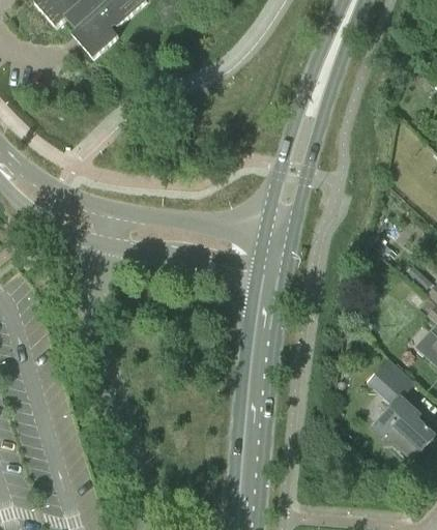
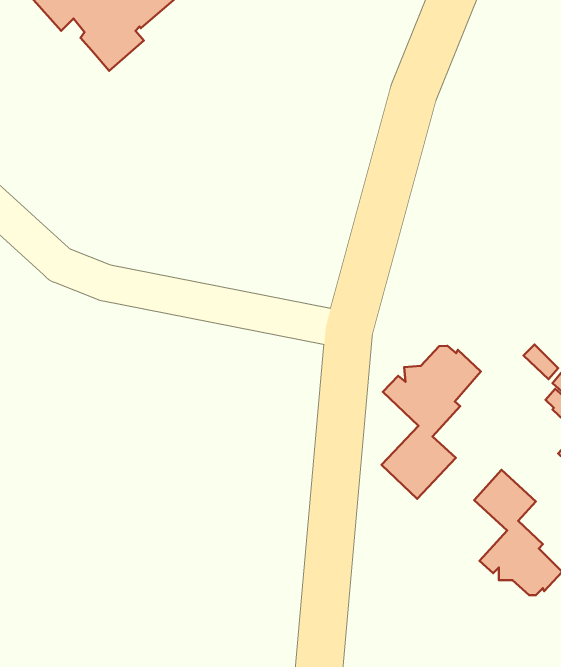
building: none -> [382,346,481,499]

